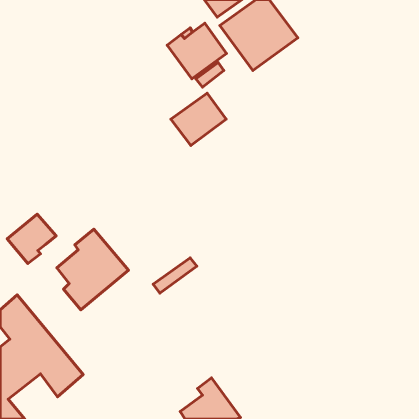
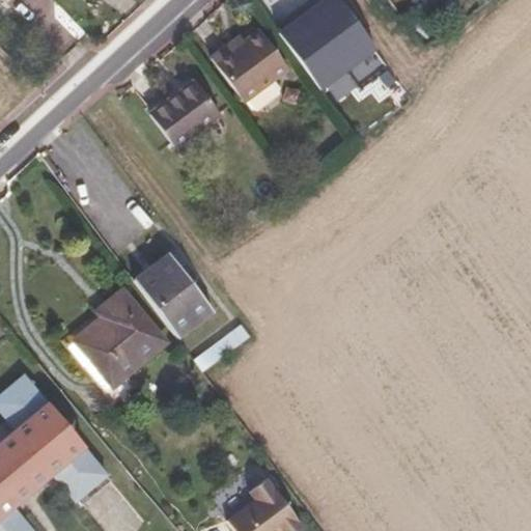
building: [171,93,226,146] -> [150,80,220,146]
building: none -> [135,252,214,336]
building: [7,214,56,264] -> none

